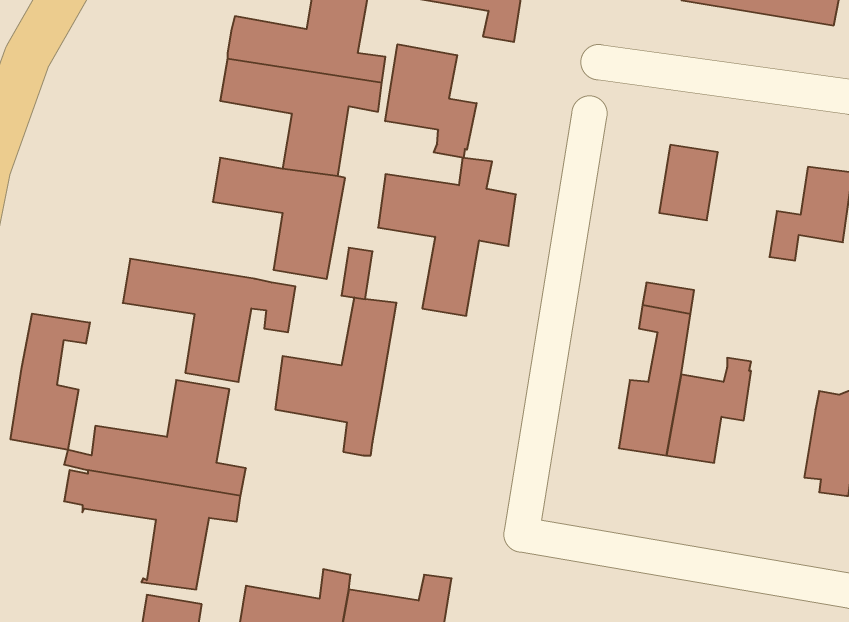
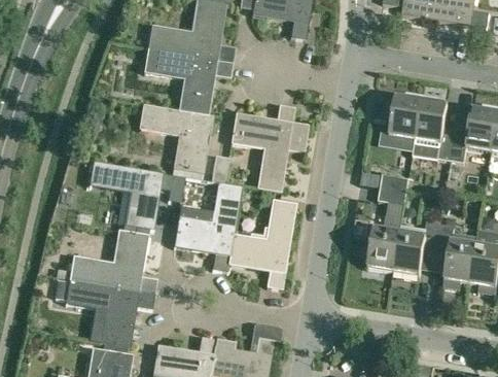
building: [385,44,477,158] -> none
building: none -> [413,101,455,160]
building: [11,314,90,450] -> none
building: none -> [228,200,296,288]
building: none -> [436,215,476,283]

